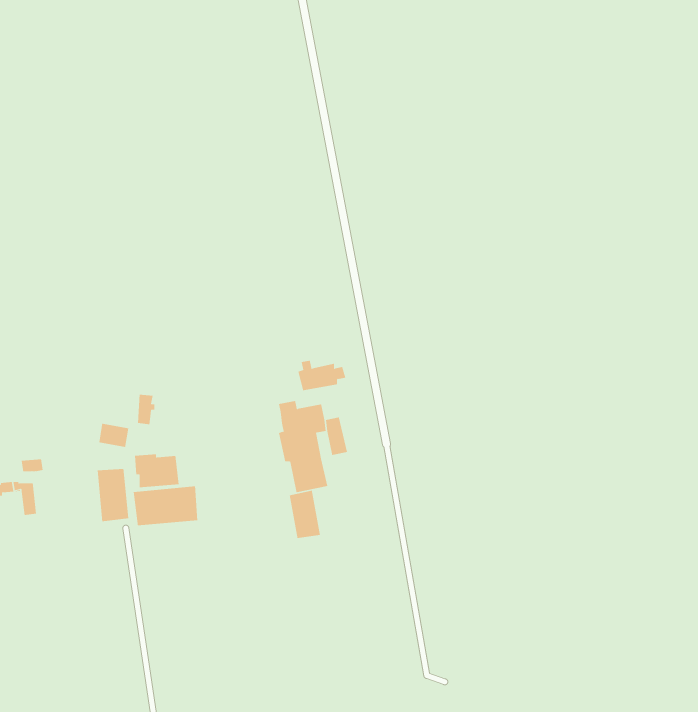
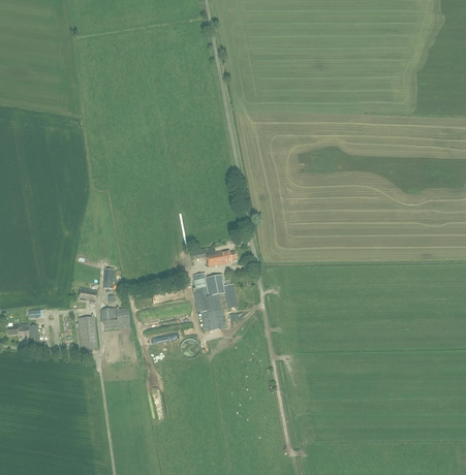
building: [133,486,198,526] -> none
building: [289,490,320,539] -> none

